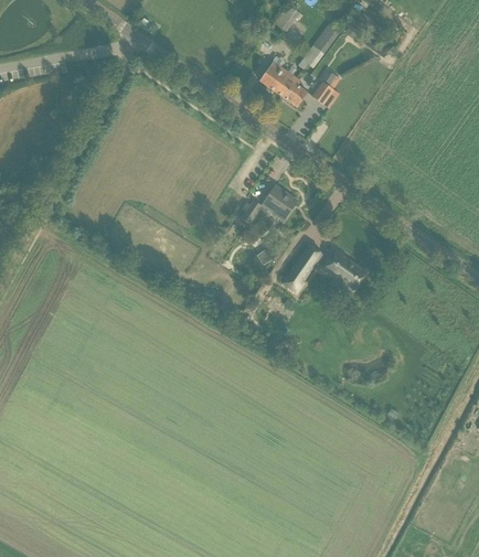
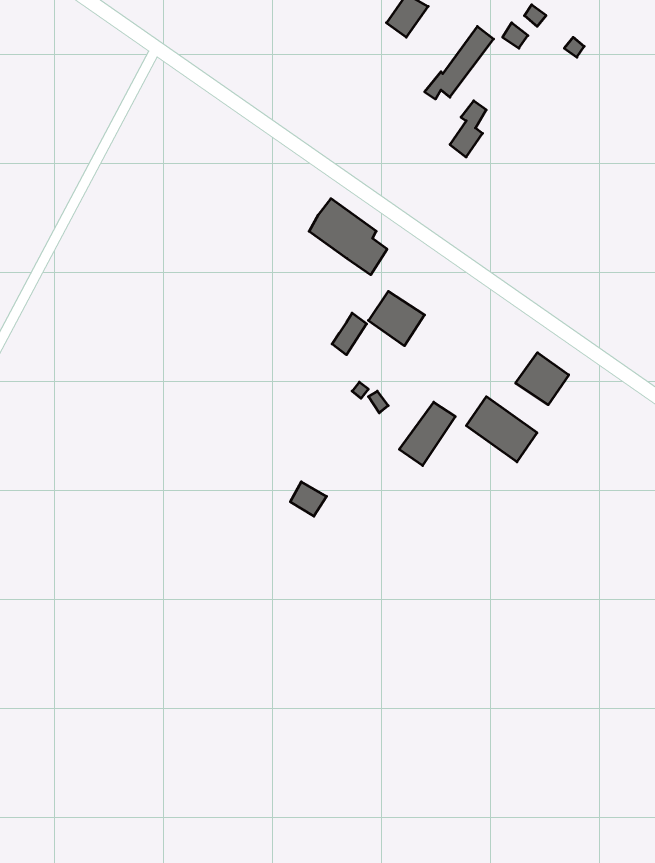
building: [258,61,306,107] -> [309,199,387,275]
building: none -> [516,353,569,405]

